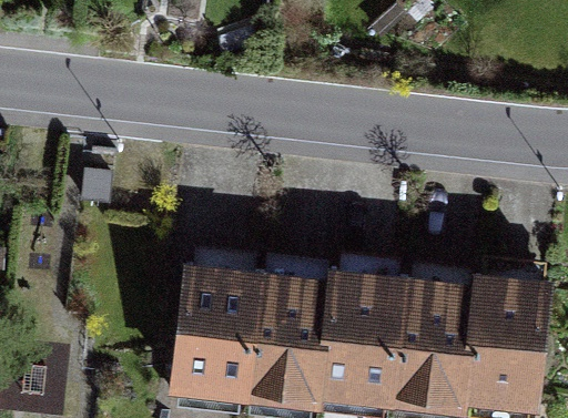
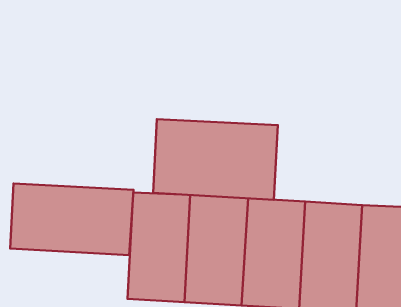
building: none -> [153,119,278,200]
building: none -> [10,183,133,255]

